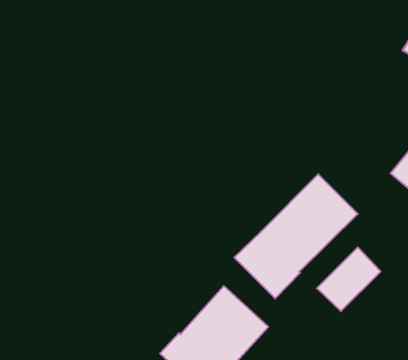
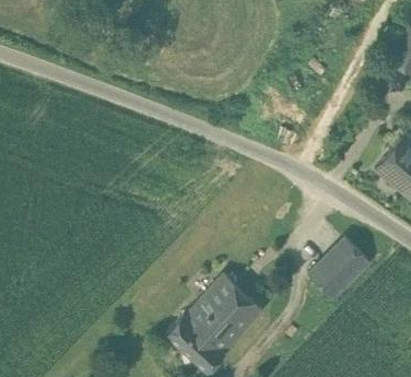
building: [234,174,358,299] -> none

